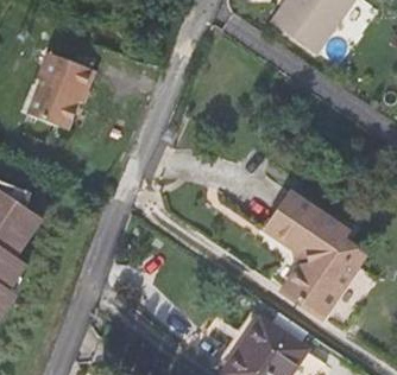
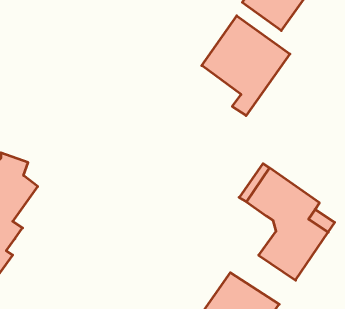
building: none -> [202,16,290,116]
building: [32,38,99,131] -> none

